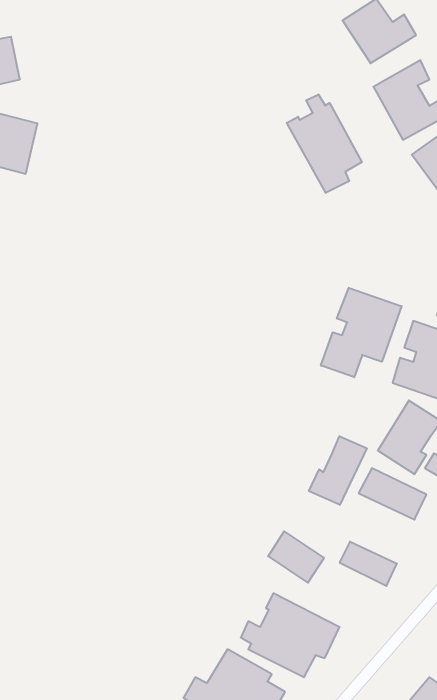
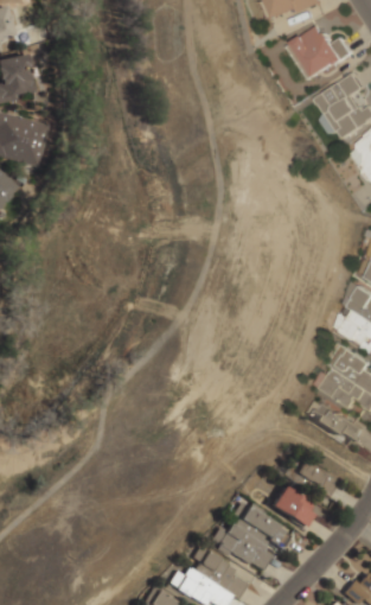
building: [287,94,362,193] -> none
building: [321,288,402,377] -> none
building: [309,436,367,505] -> none
building: [268,531,324,583] -> [268,485,313,527]

